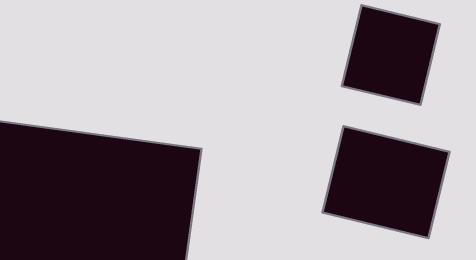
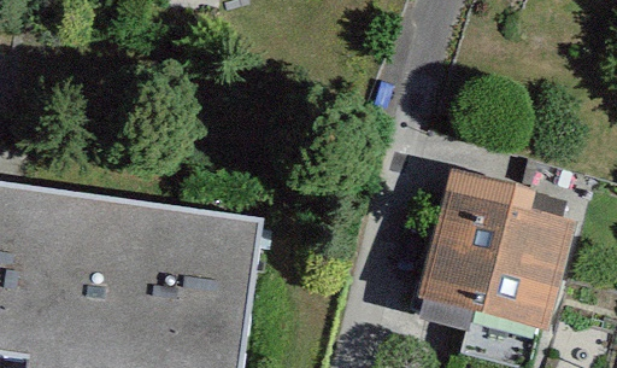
building: [342,5,440,105] -> none

